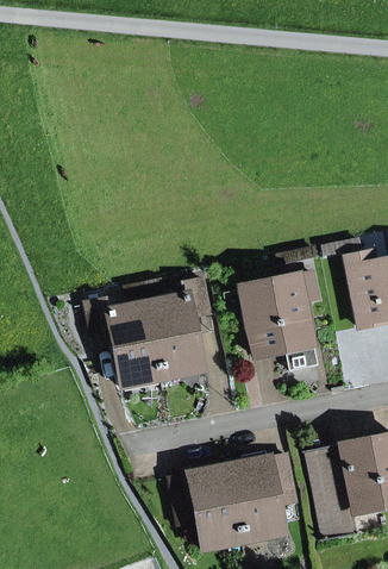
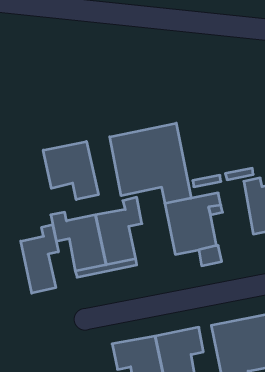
building: none -> [110,123,191,203]
building: none -> [43,141,98,200]
building: none -> [21,225,58,293]

